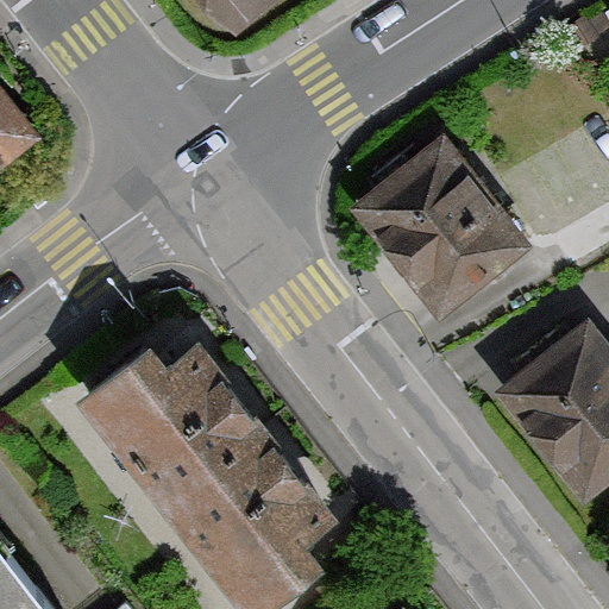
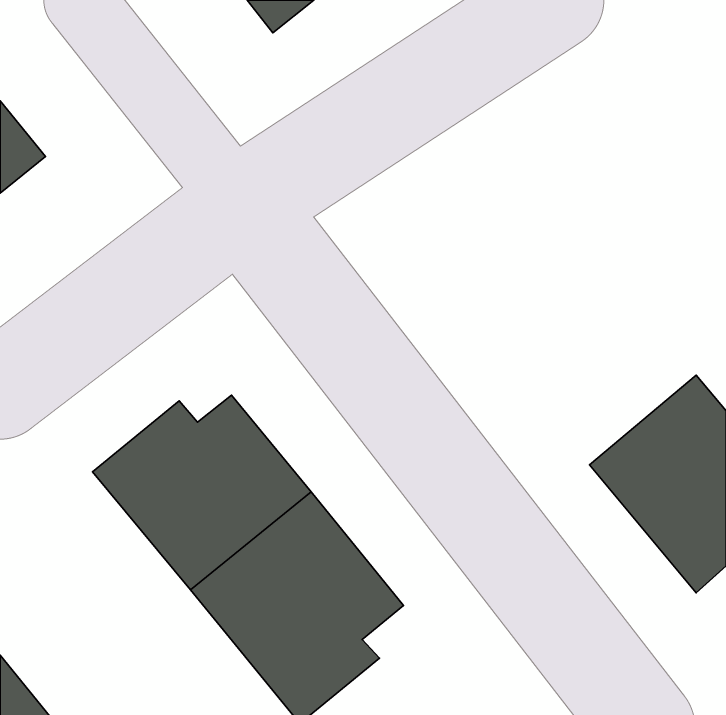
building: [352,138,526,316] -> none

